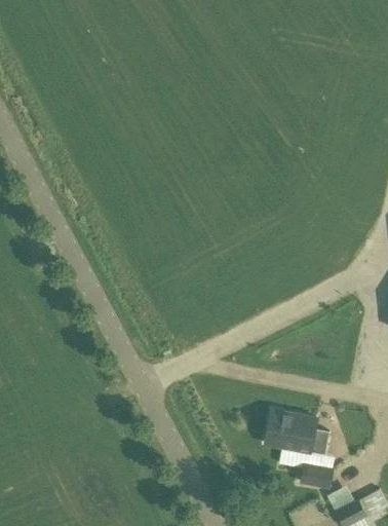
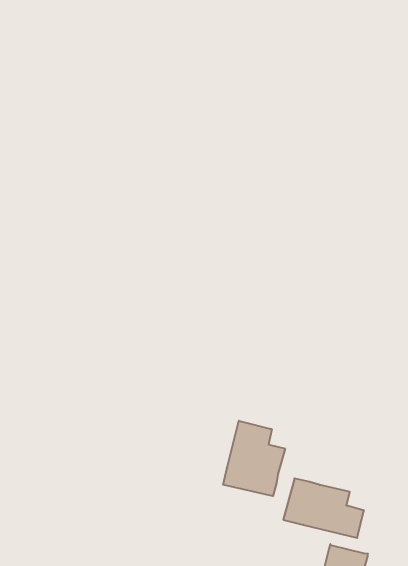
building: none -> [223,421,285,496]

